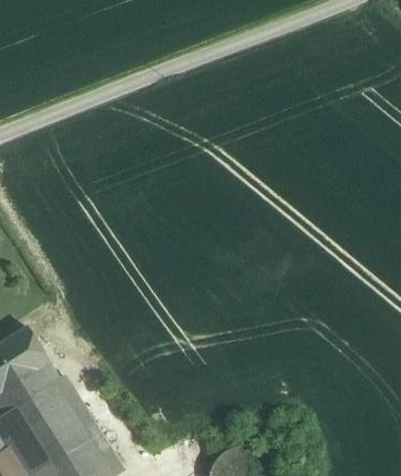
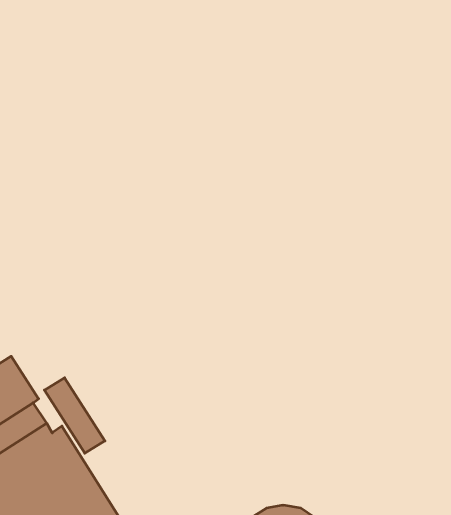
building: none -> [44,378,105,453]

